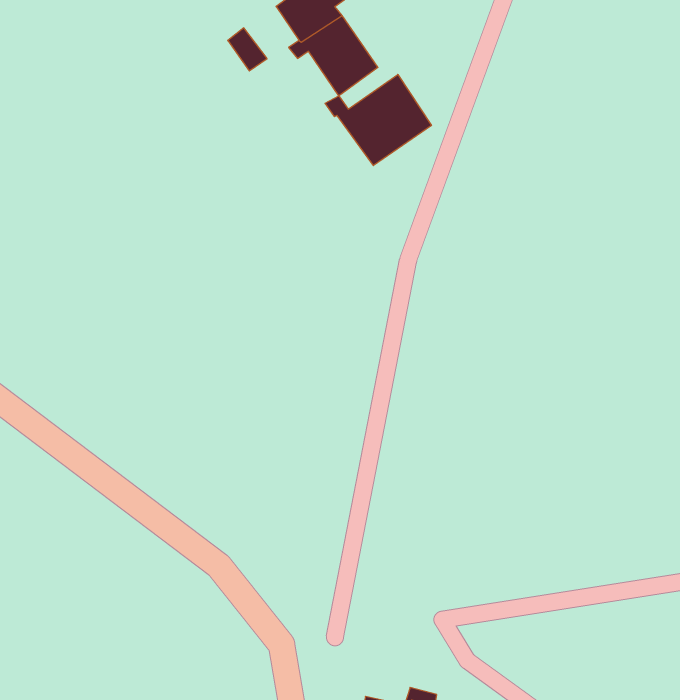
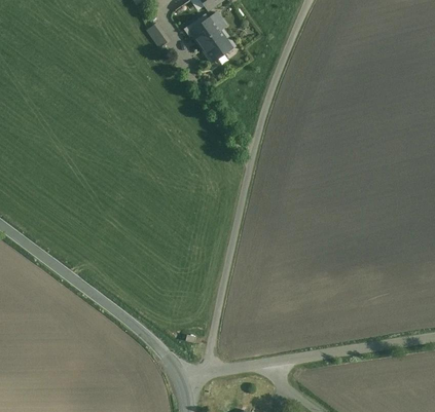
building: [325,74,431,166] -> none

